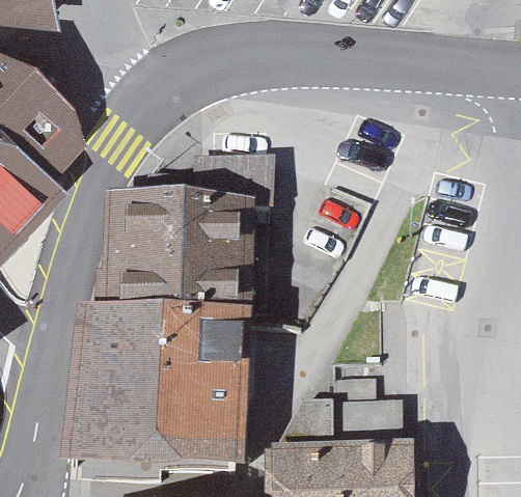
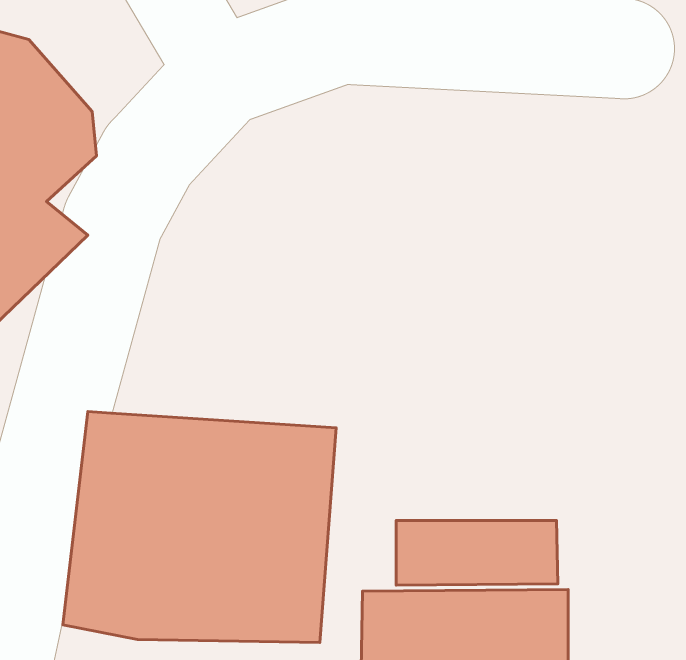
building: [93,206,254,328] -> none

